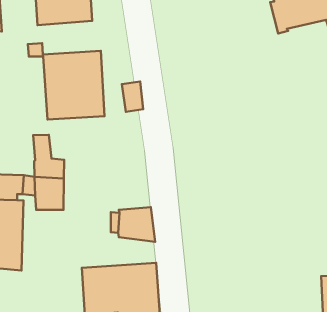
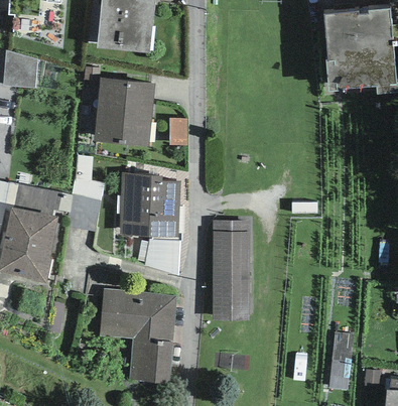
building: none -> [119,172,179,238]
building: none -> [214,220,251,319]

